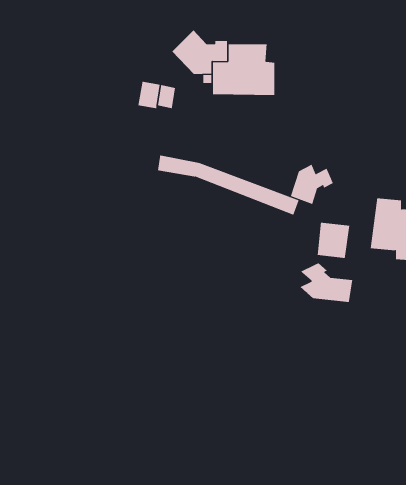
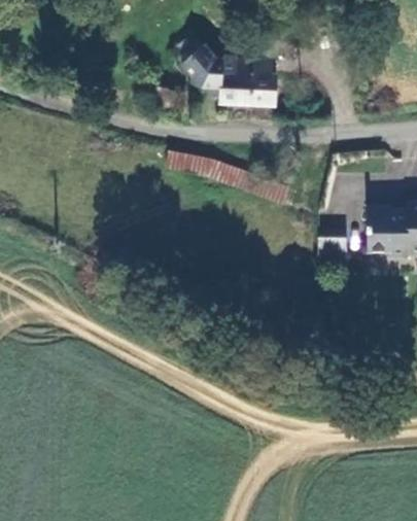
building: [290,164,333,205] -> none
building: [299,262,353,303] -> none

